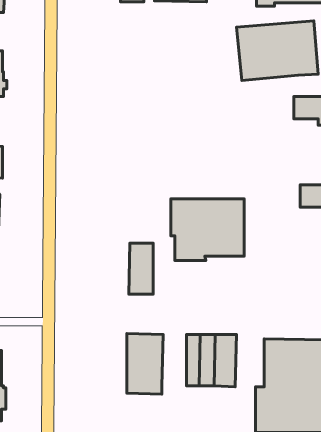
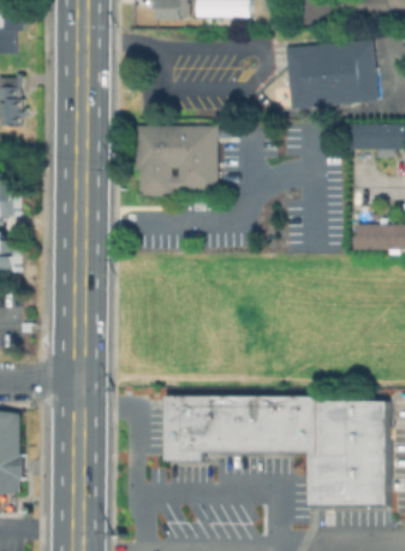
building: [171,199,244,260] -> [136,126,219,196]
building: [129,243,153,294] -> [202,396,230,454]
building: none -> [285,396,317,455]

